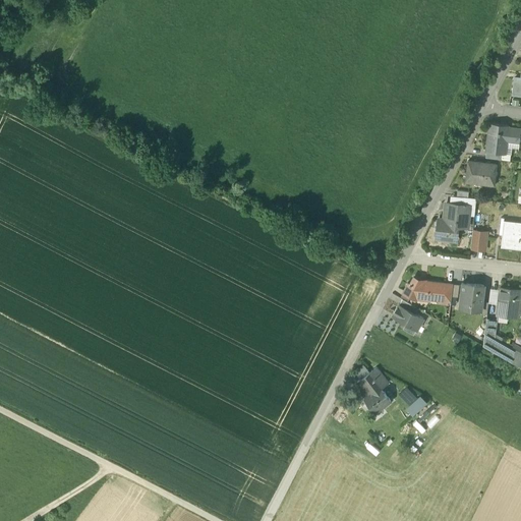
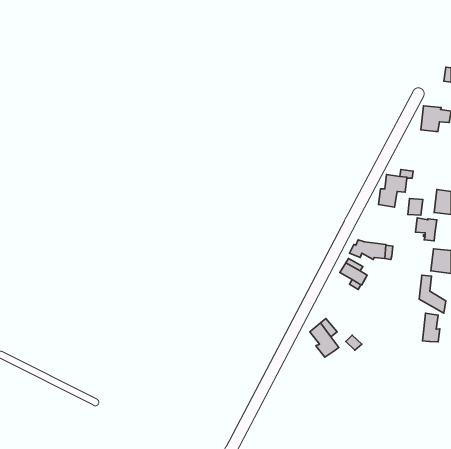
building: [466,162,497,185] -> none
building: [460,284,484,310] -> [416,218,437,241]
building: none -> [422,313,440,342]

